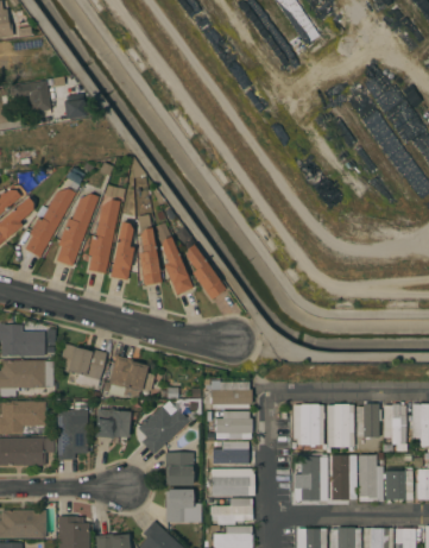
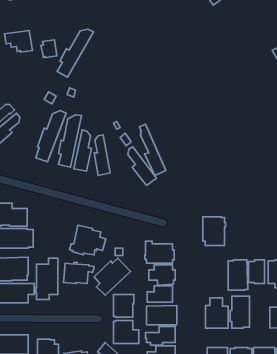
building: [25,189,76,257] -> [57,29,94,77]
building: [156,222,193,295] -> [140,124,166,176]
building: [58,344,106,389] -> none
building: [292,404,324,445] -> [203,217,225,245]
building: [358,455,383,502] -> none

